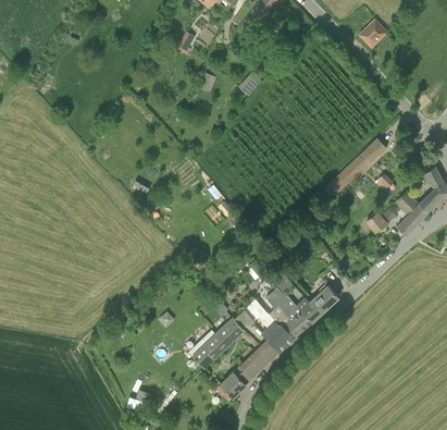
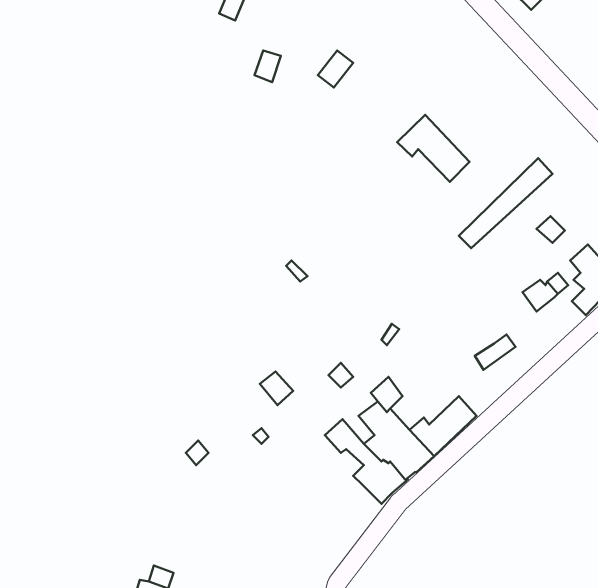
building: none -> [397,115,470,182]
building: [189,309,254,367] -> none
building: [221,340,280,397] -> none

